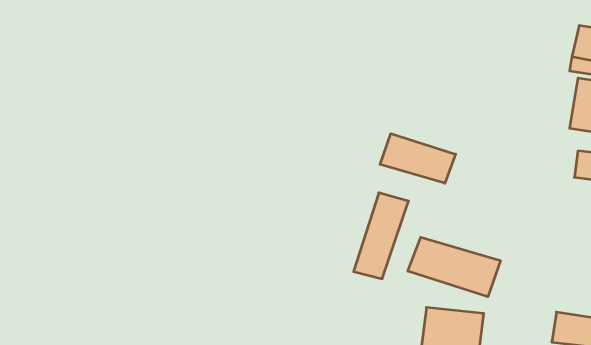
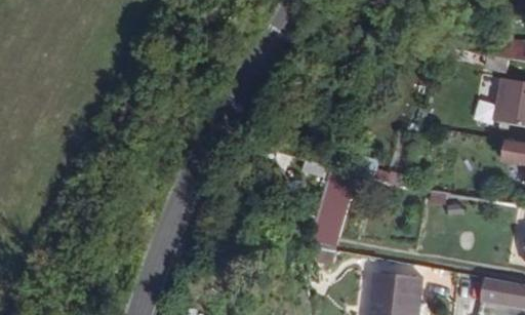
building: [380,134,456,183] -> none
building: [408,237,500,297] -> none

